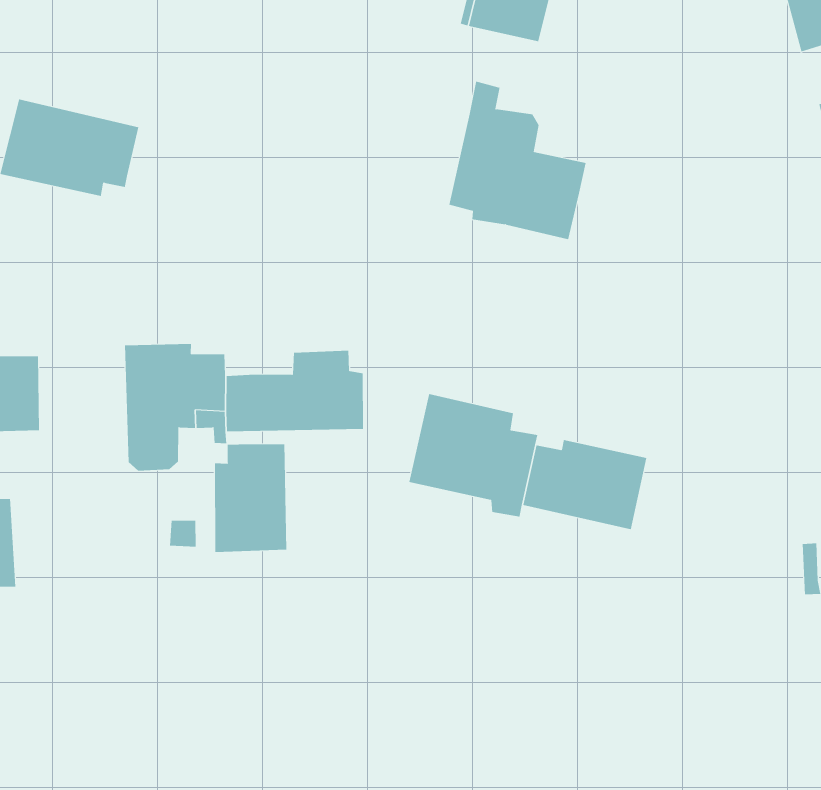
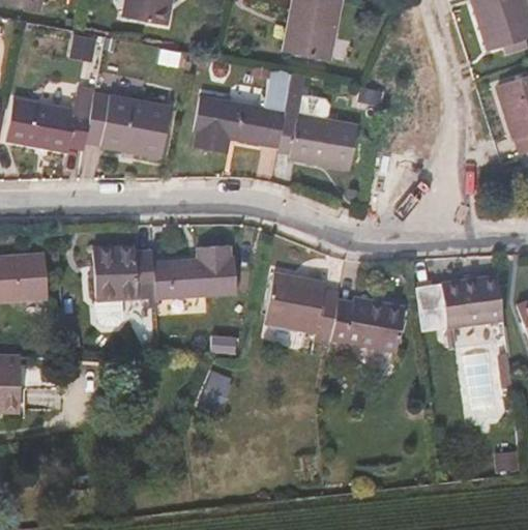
building: none -> [84,95,171,165]
building: none -> [193,94,290,161]
building: none -> [416,269,511,323]
building: [215,443,287,553] -> none

